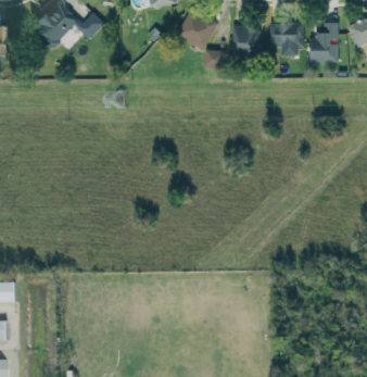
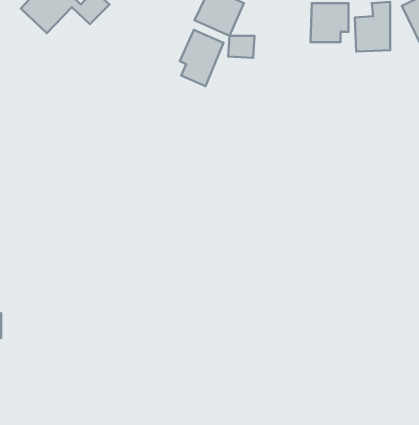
building: [231,26,261,58] -> none
building: none -> [180,30,223,86]

